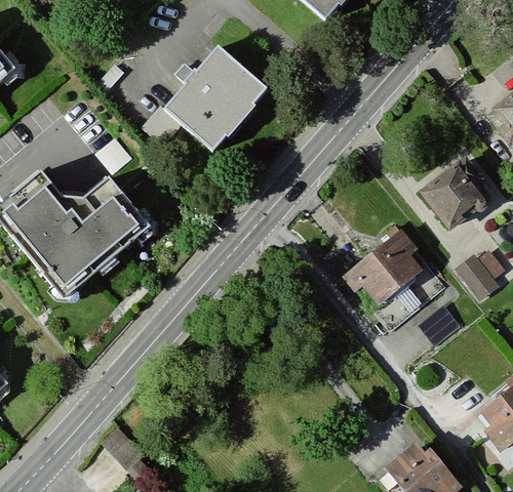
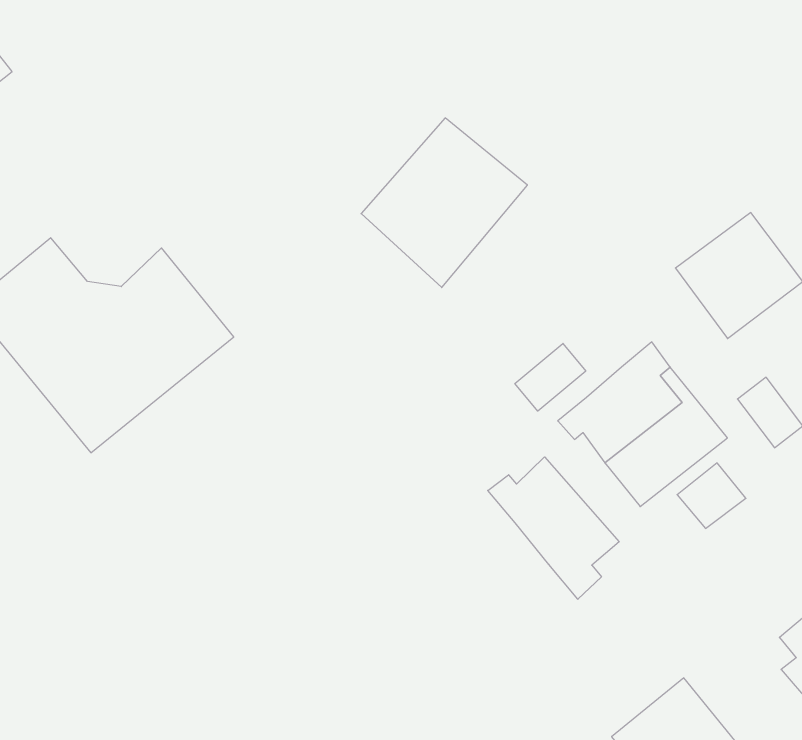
building: [161,42,263,146] -> [361,118,527,288]
building: none -> [515,343,586,411]
building: none -> [488,457,619,599]

